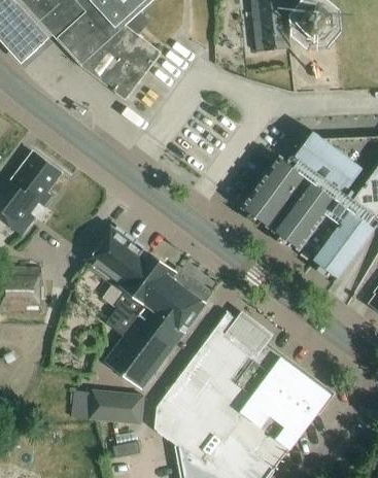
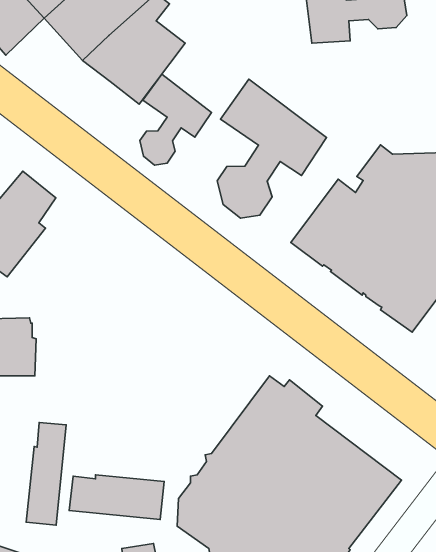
building: none -> [140,74,212,165]
building: none -> [217,79,327,218]
building: [85,225,212,388] -> none
building: none -> [26,422,66,525]

